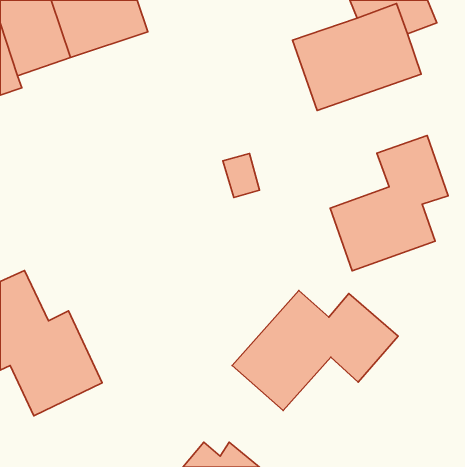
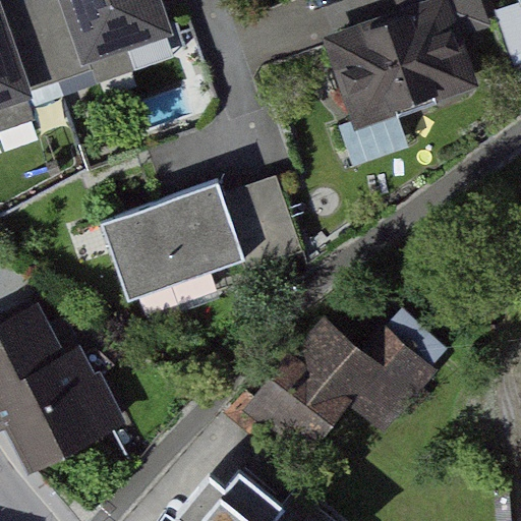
building: [330,135,448,271] -> none
building: none -> [96,179,242,300]

